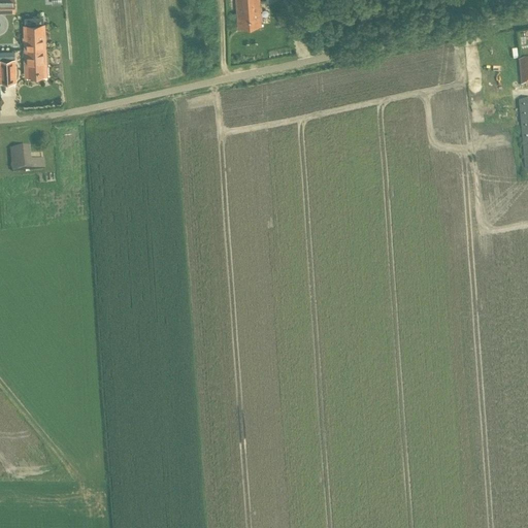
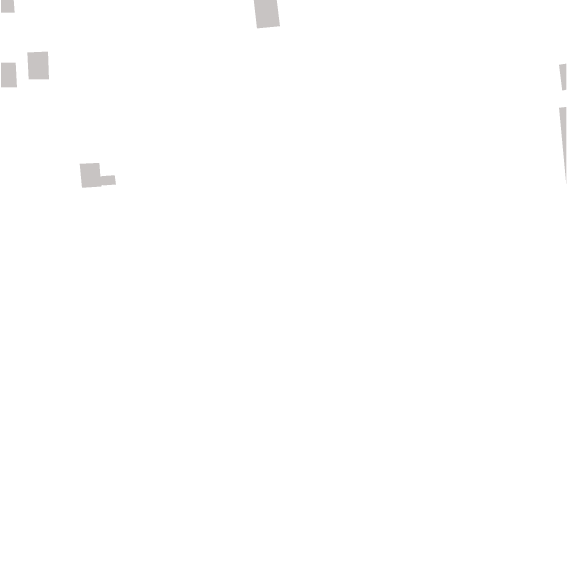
building: [24,24,45,48] -> none
building: [10,146,45,170] -> [79,163,117,188]

